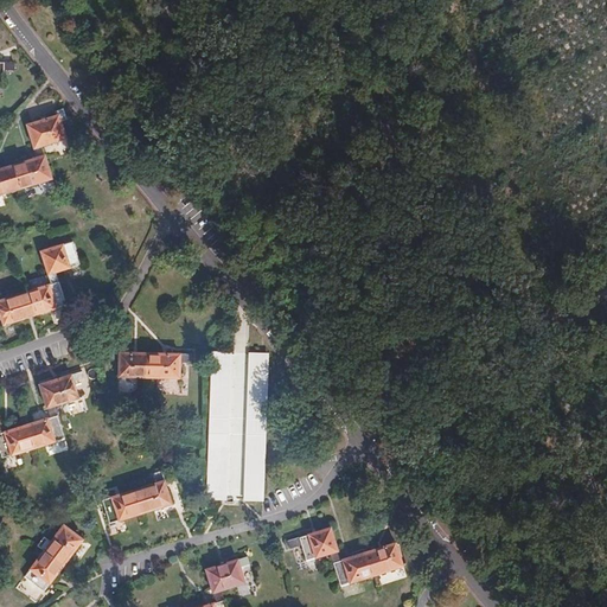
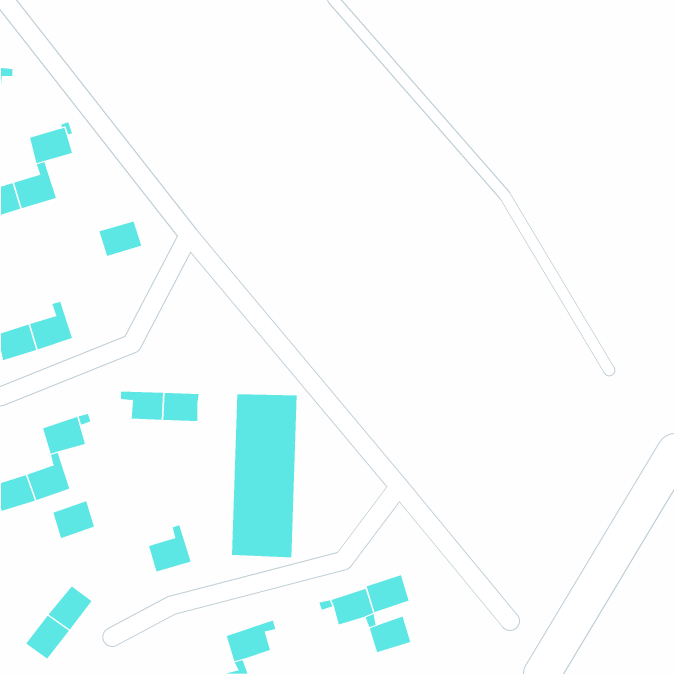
building: [40,241,79,273] -> [99,221,142,256]
building: [103,490,141,524] -> [53,501,95,539]
building: [363,542,402,576] -> [366,574,410,613]

